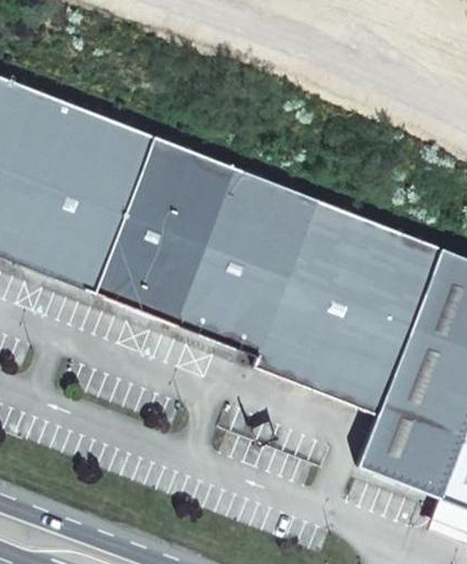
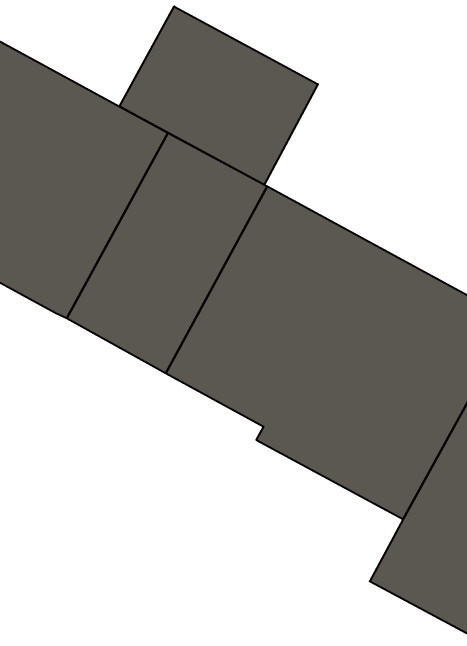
building: none -> [120,6,318,185]

